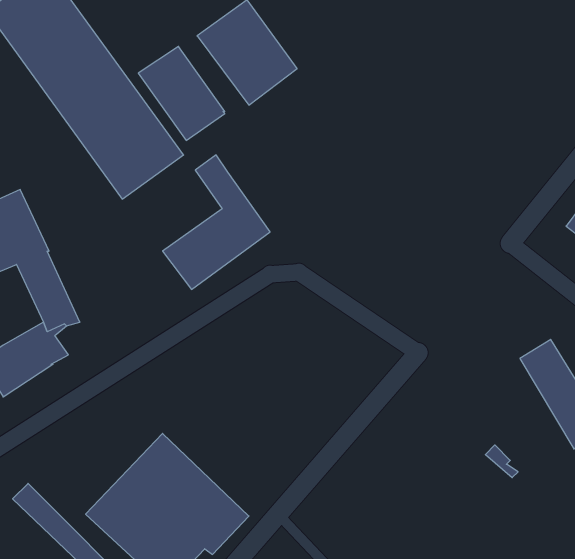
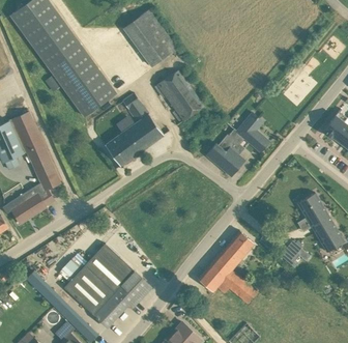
building: [138,46,225,140] -> [156,70,203,121]
building: none -> [205,113,268,177]
building: none -> [198,231,258,304]

